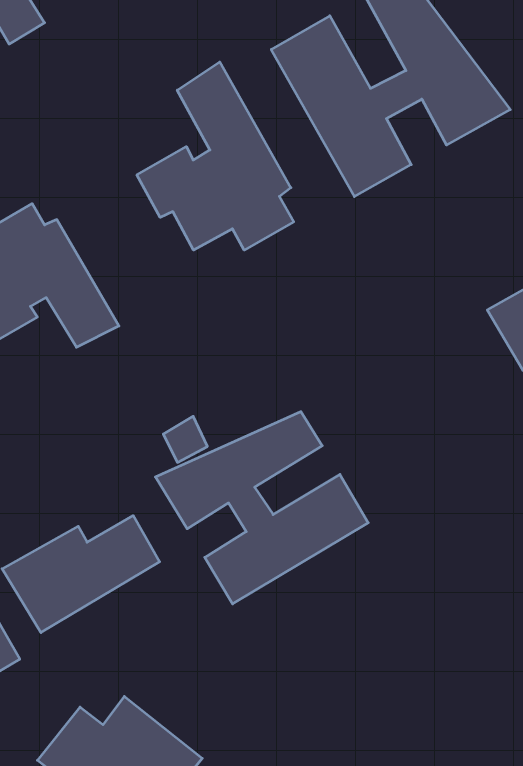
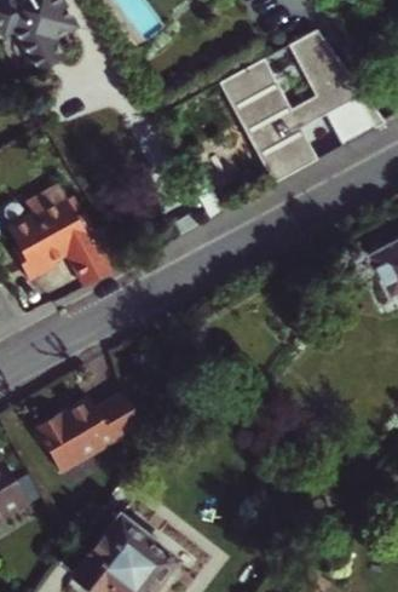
building: [137,62,294,250] -> none
building: [155,412,368,604] -> none

